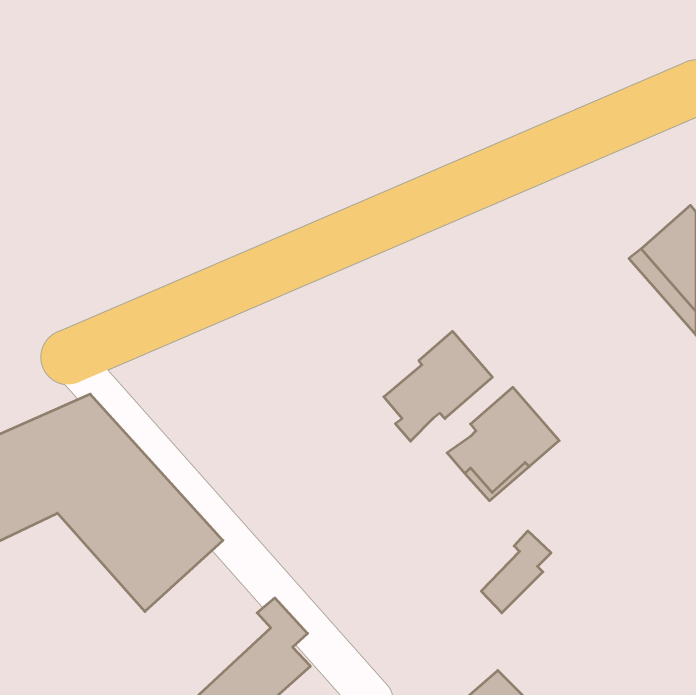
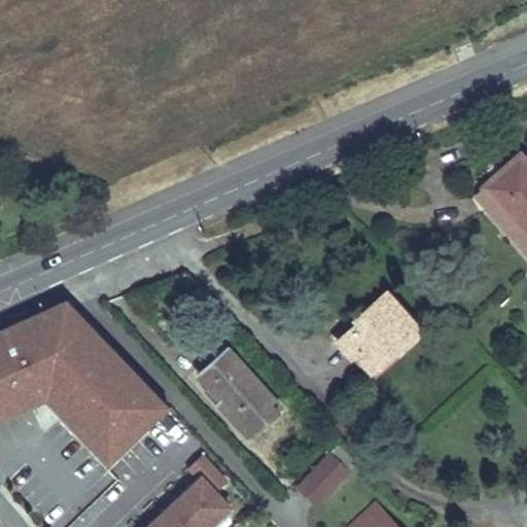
building: [384,331,492,441] -> none
building: none -> [197,349,280,437]
building: [481,531,551,613] -> [300,444,352,505]

